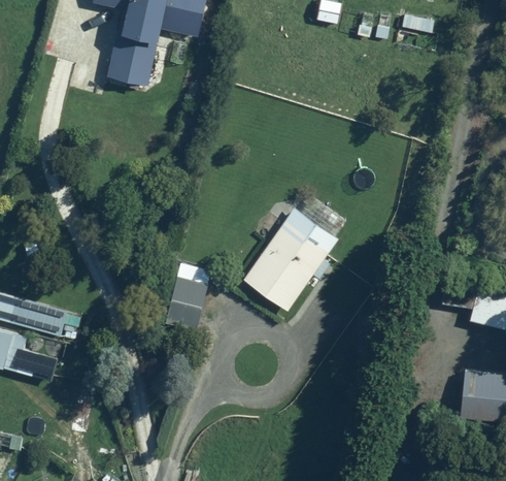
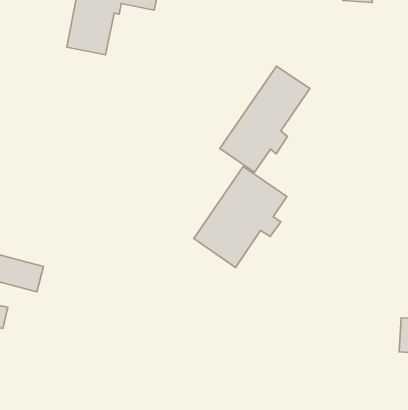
building: none -> [220,66,310,172]
building: [165,277,207,332] -> none

